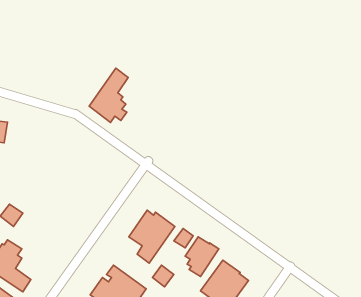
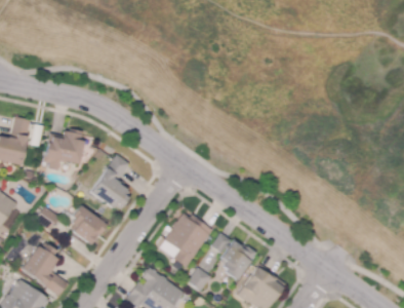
building: [89,68,128,122] -> [90,155,129,209]
building: none -> [44,130,84,170]
building: none -> [72,206,107,244]

